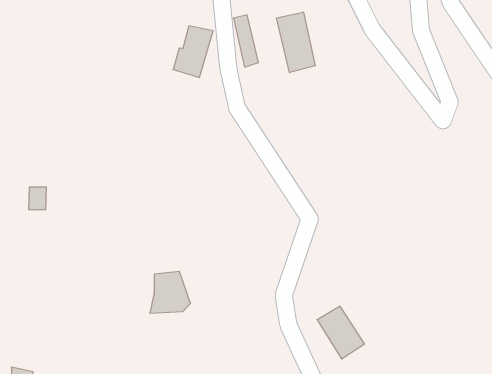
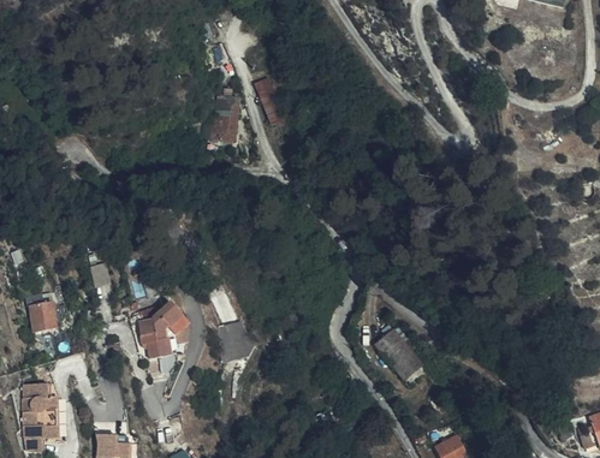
building: [277,12,315,73] -> none
building: none -> [135,301,190,359]

